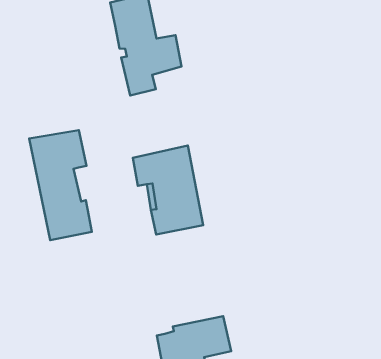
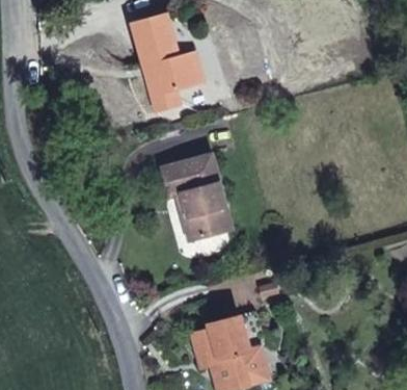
building: [29,130,92,240] -> none

